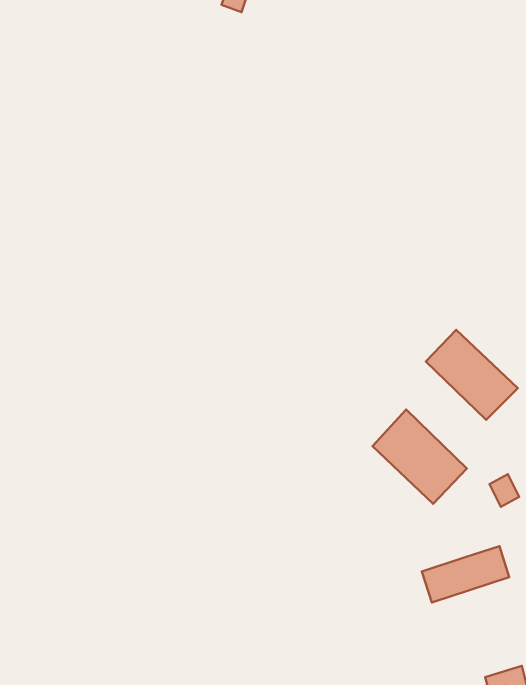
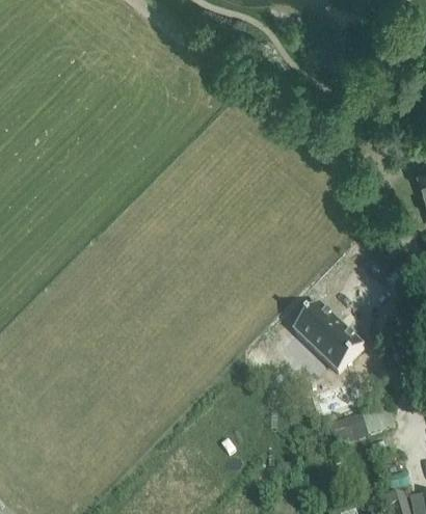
building: [426,330,518,420] -> none

